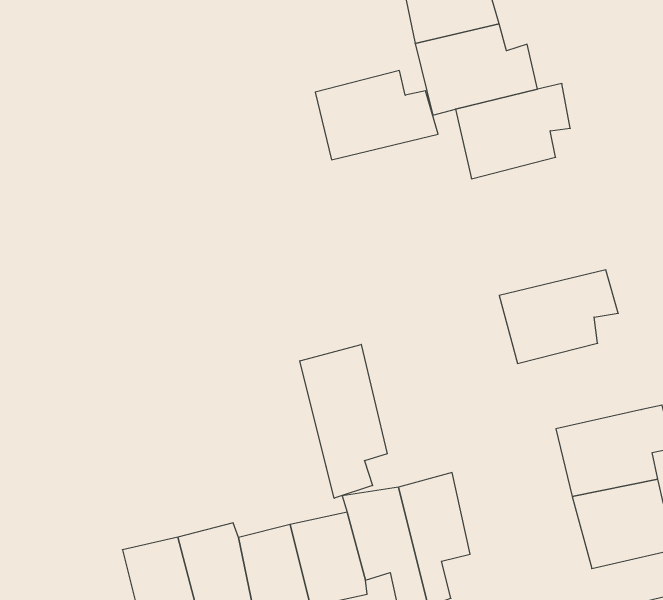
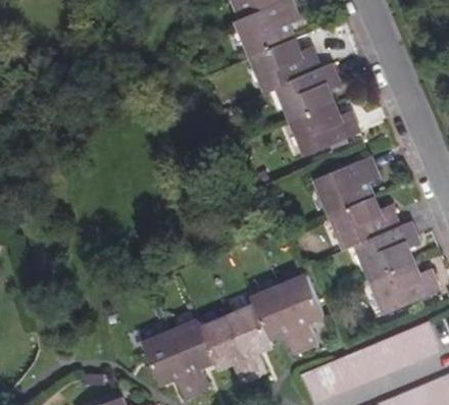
building: [315,71,438,160] -> [291,102,358,154]
building: none -> [331,195,399,248]
building: [300,344,387,498] -> none

